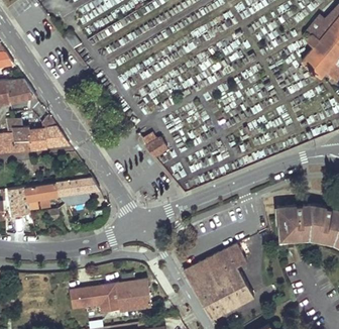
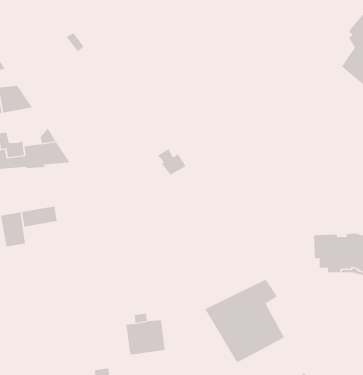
building: [55,177,99,206] -> none
building: [70,284,120,312] -> none

